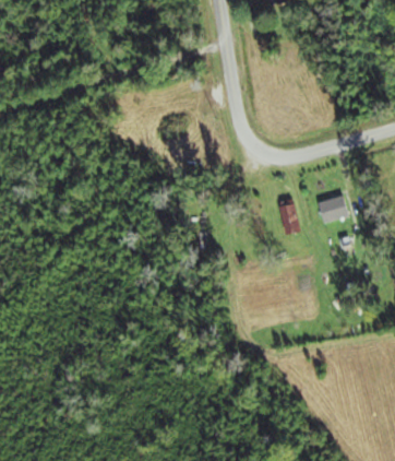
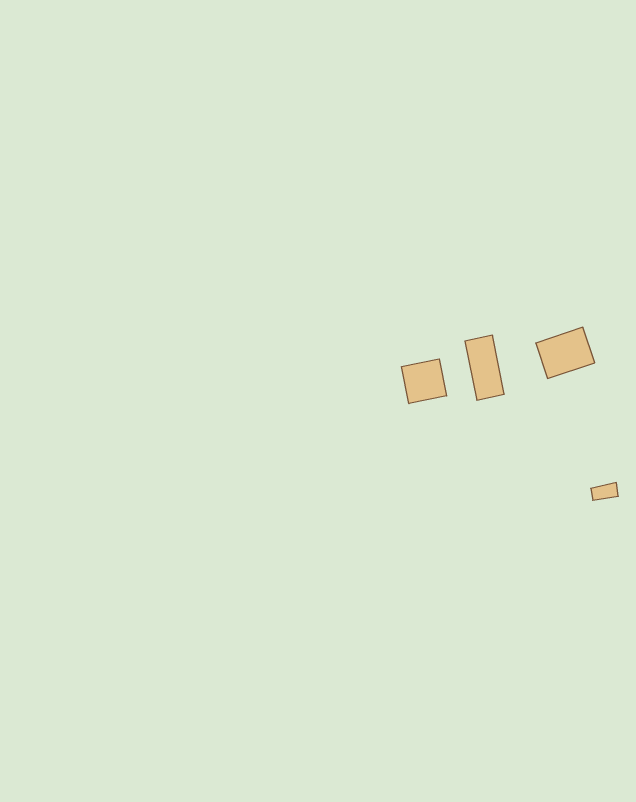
building: none -> [402,359,447,404]

